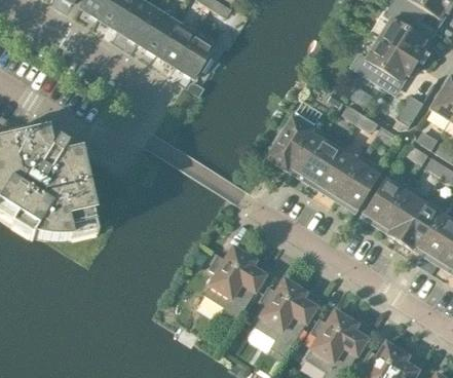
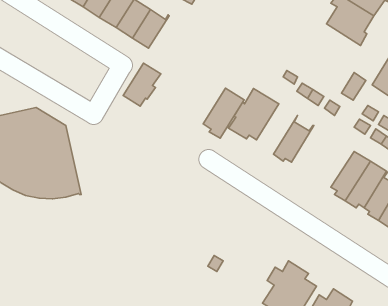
building: [175,29,218,78] -> [123,63,161,106]
building: [351,38,417,92] -> none
building: [298,129,345,187] -> [203,88,244,138]
building: [338,154,383,212] -> none
building: [363,172,410,225] -> none
building: [203,245,265,325] -> none
building: [254,277,316,356] -> none

